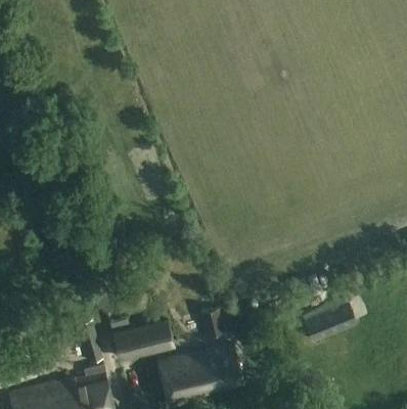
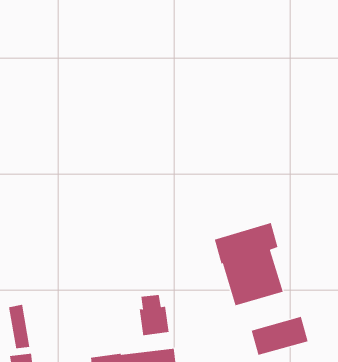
building: none -> [214,222,283,306]
building: [110,319,174,360] -> none

